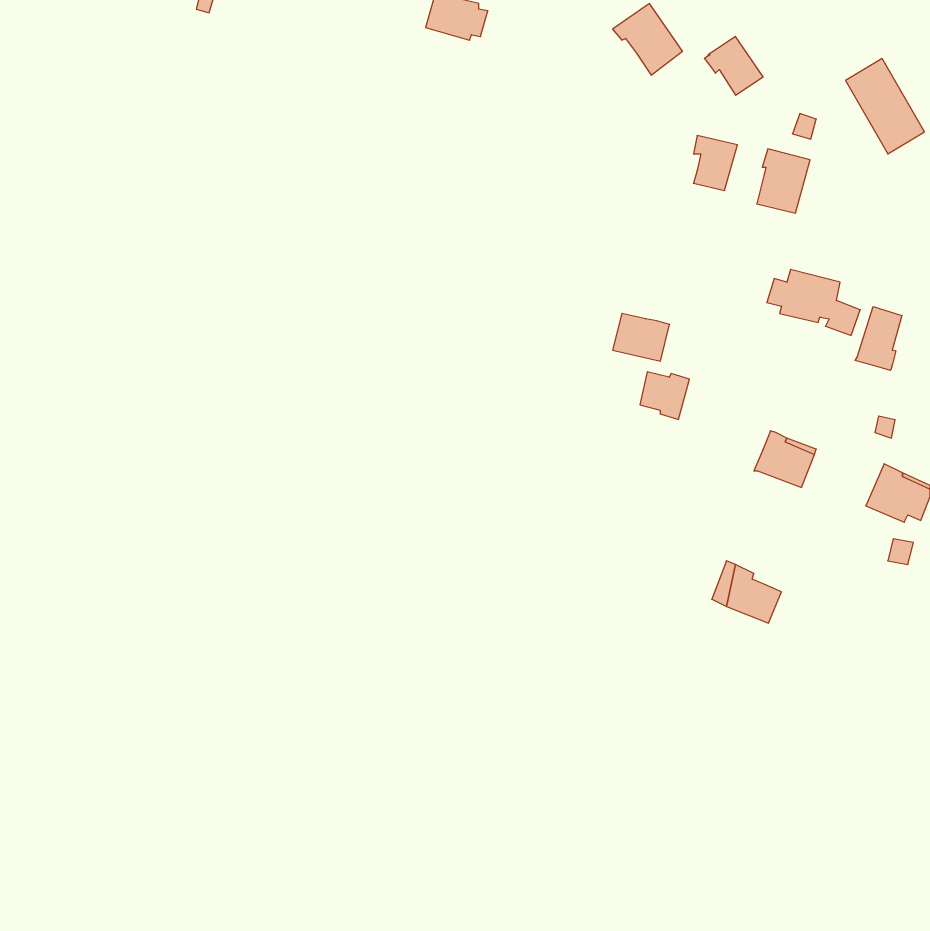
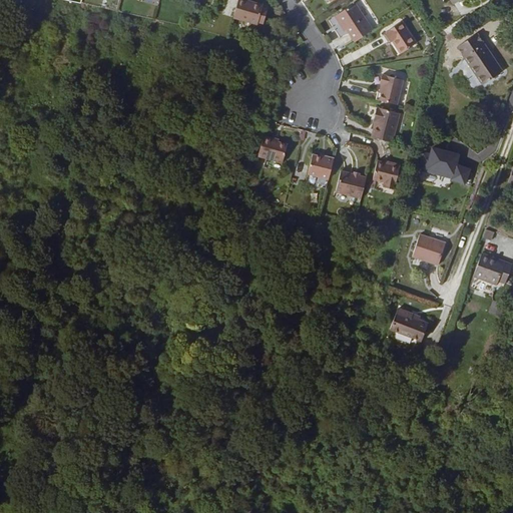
building: [757,149,810,213] -> [371,107,400,142]
building: none -> [258,135,287,162]
building: none -> [305,155,333,188]
building: [855,307,902,370] -> none
building: [640,372,689,419] -> [373,161,400,187]

